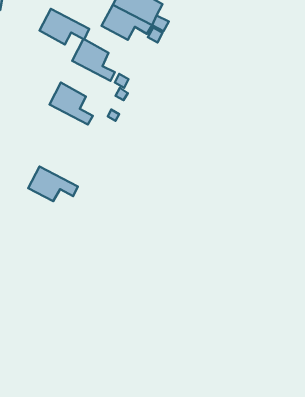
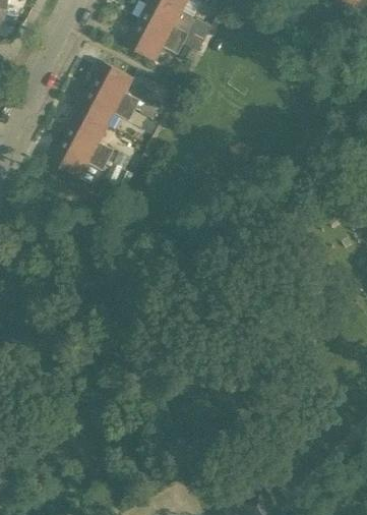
building: [40,9,89,45] -> [77,84,135,126]
building: [28,166,78,201] -> [51,135,109,176]

